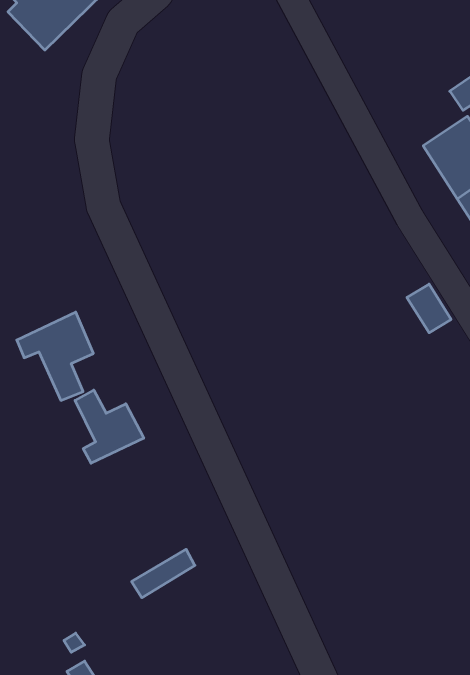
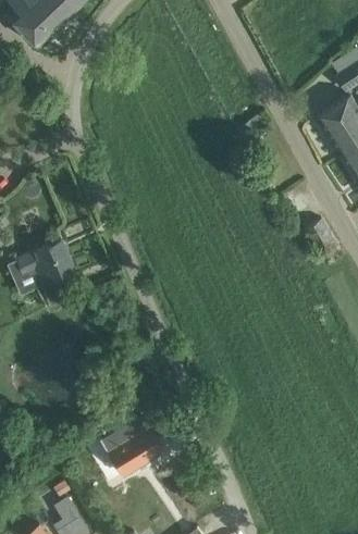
building: [75,390,144,463] -> none
building: none -> [109,426,164,476]

